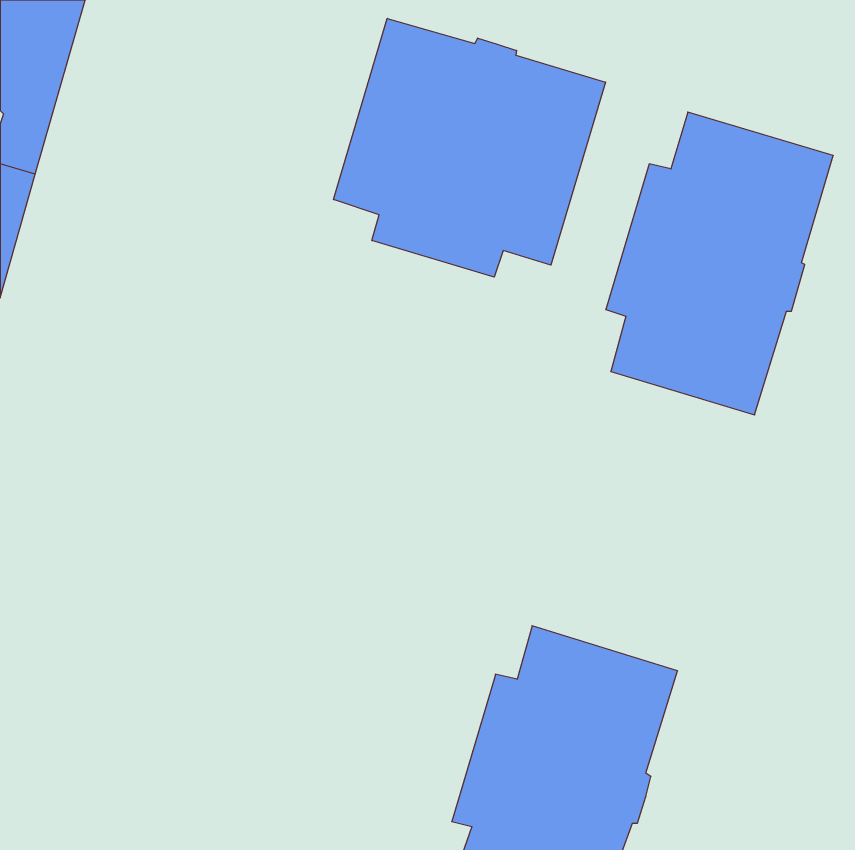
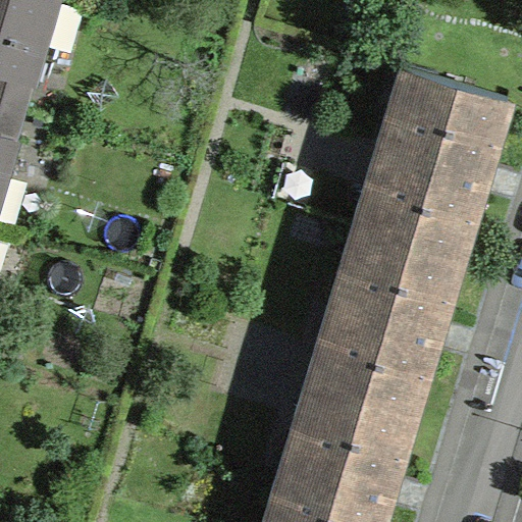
building: [334,18,606,277] -> none
building: none -> [322,229,460,412]

